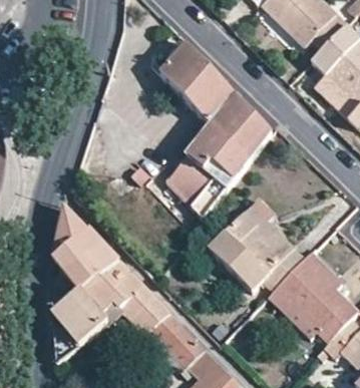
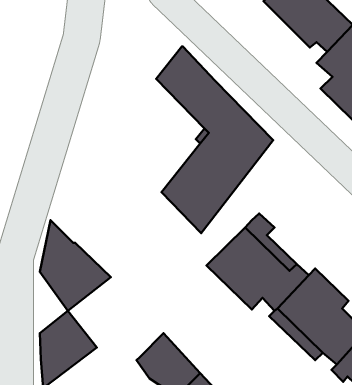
building: [78,260,167,334] -> none

